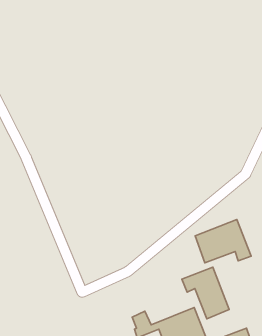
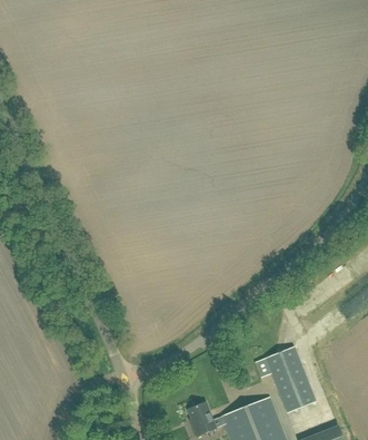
building: [195,219,251,263] -> none

